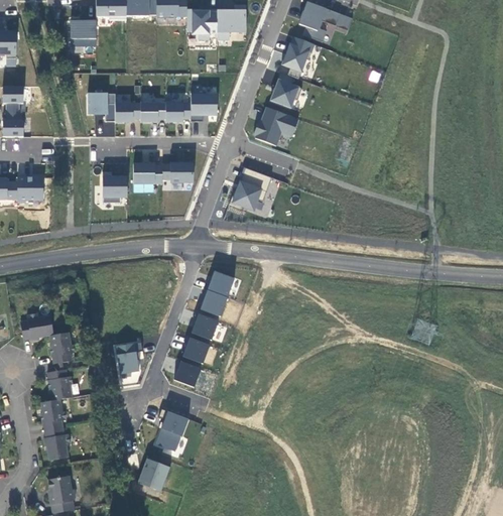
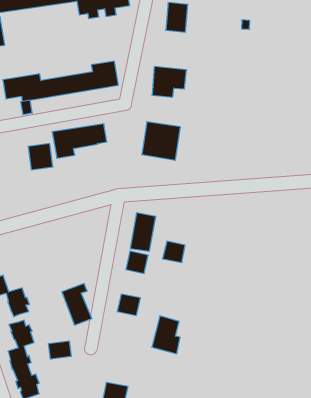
building: [270,78,299,107] -> none
building: [181,336,210,363] -> [163,241,185,263]
building: none -> [49,341,71,359]
building: [153,409,190,456] -> [152,316,180,354]

